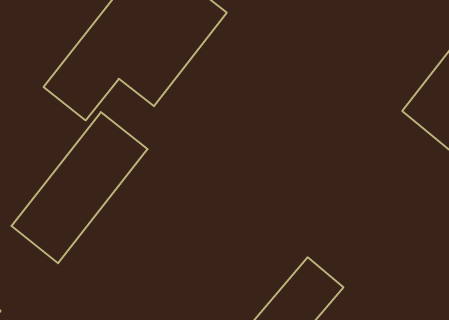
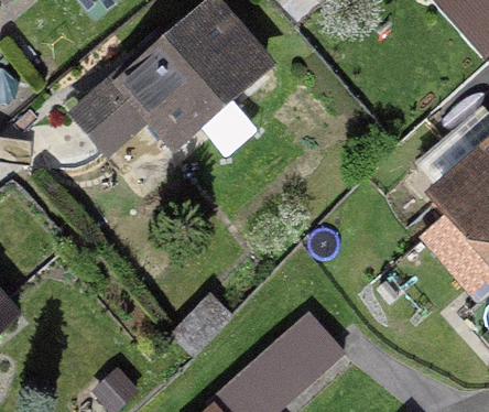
building: [11,112,148,263] -> none

